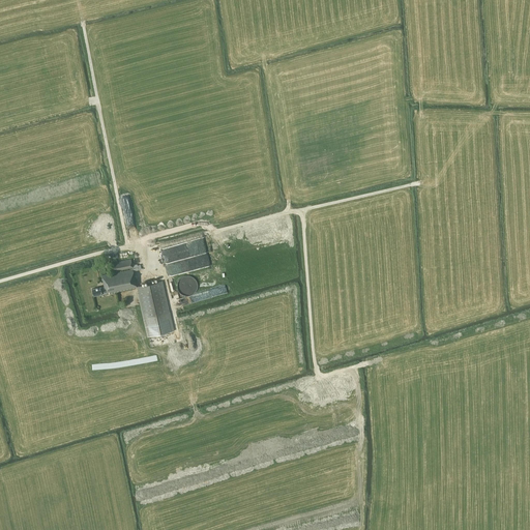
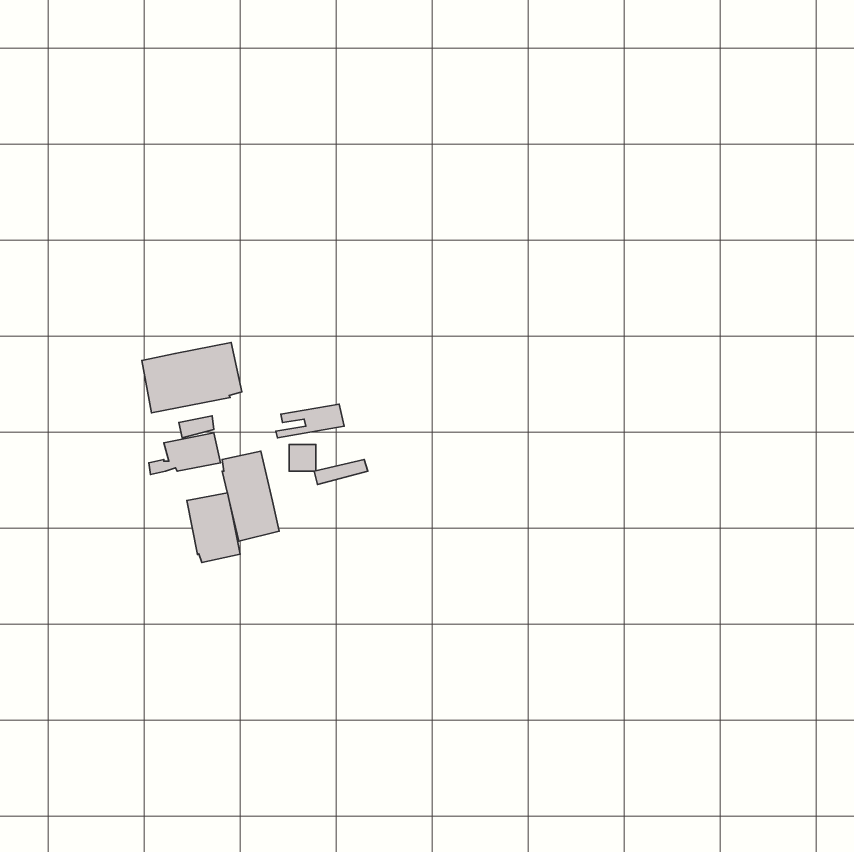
building: none -> [142,342,242,413]
building: none -> [187,493,240,562]

